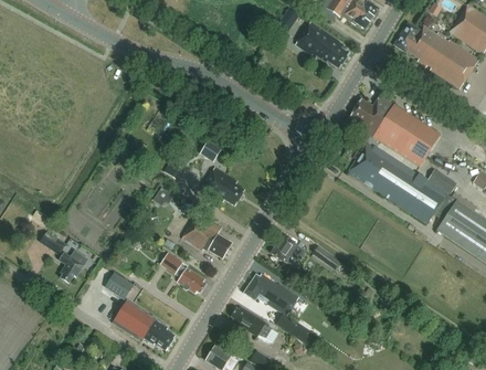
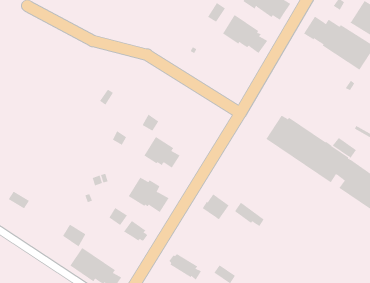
building: [351,95,440,167] -> none
building: [60,251,84,283] -> none
building: [244,274,299,316] -> none

